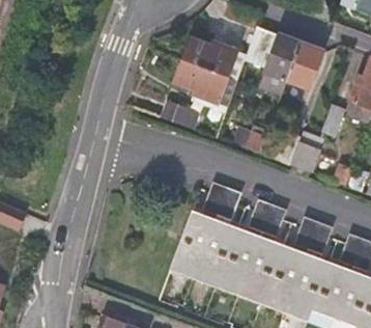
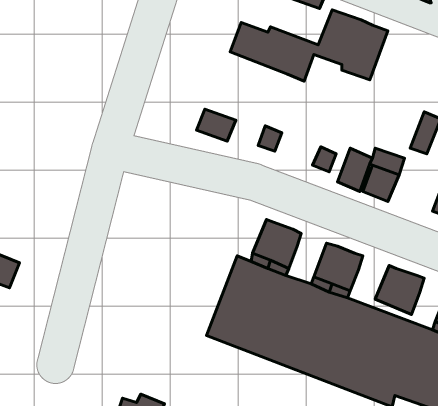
building: [288,43,323,87] -> none
building: [176,58,227,100] -> none

